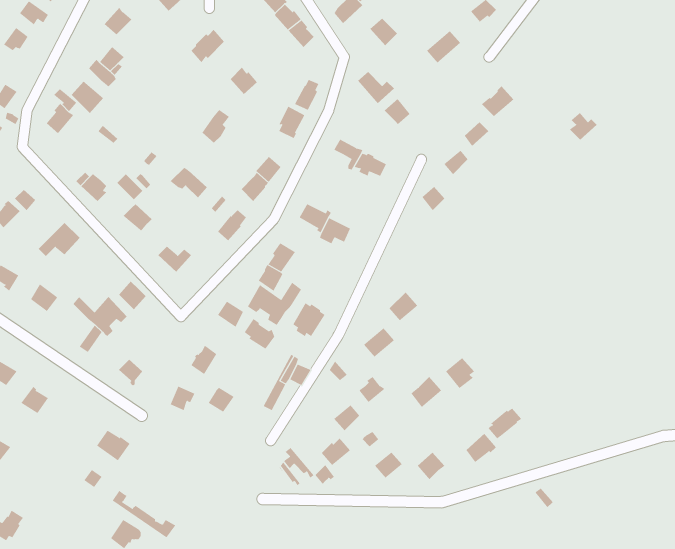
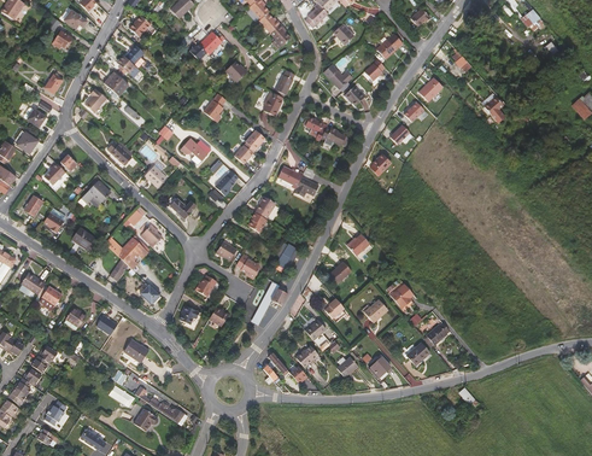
building: [247,282,302,326] -> none

